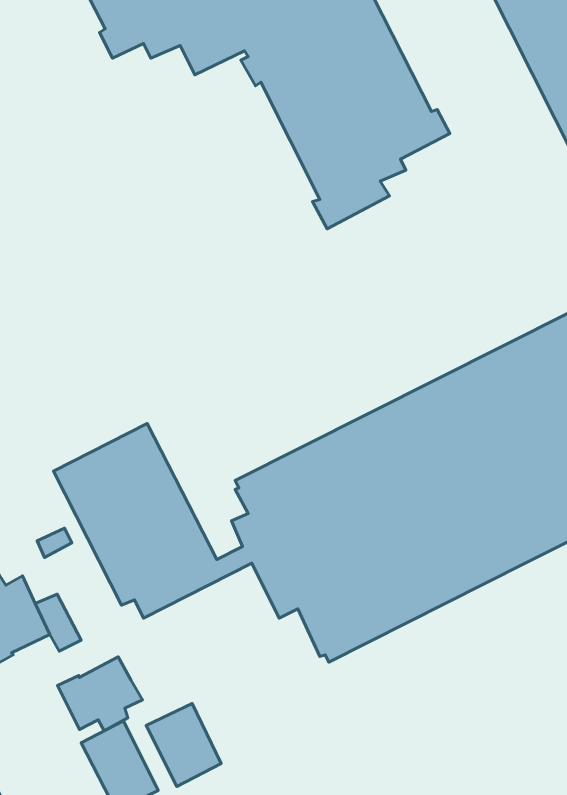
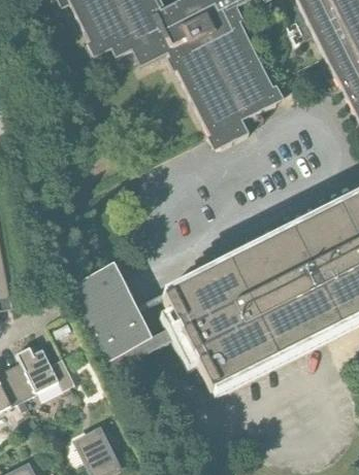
building: [58,657,142,731] -> none
building: [146,703,221,787] -> none

